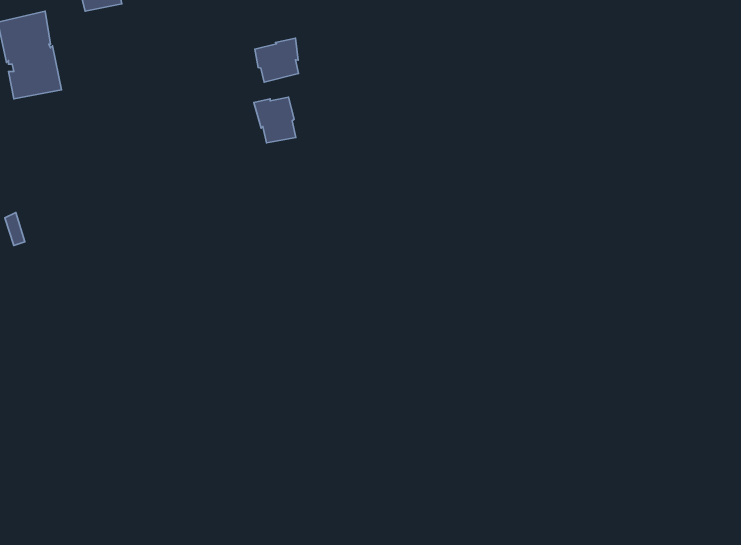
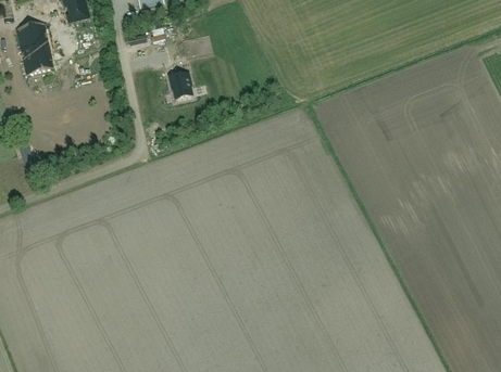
building: [255,38,299,82] -> none

